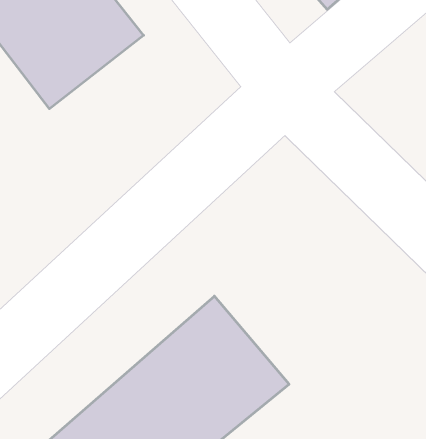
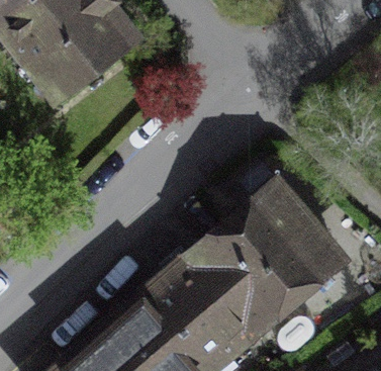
building: none -> [193,183,337,324]

